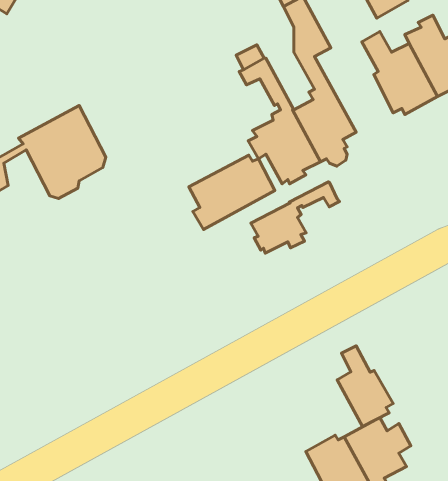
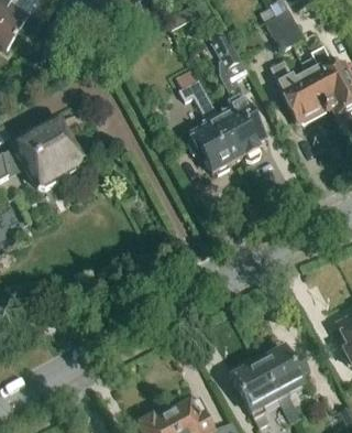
building: [189,155,275,230] -> none
building: [251,182,339,253] -> none
building: [337,346,393,427] -> none

